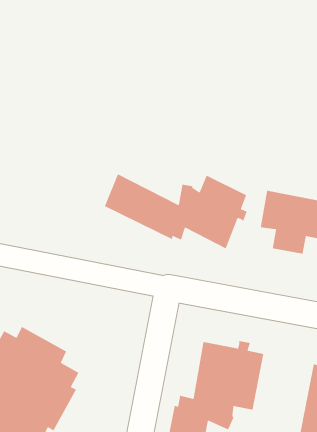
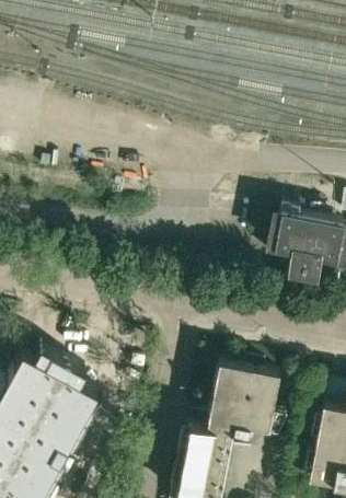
building: [104,173,248,250] -> none

